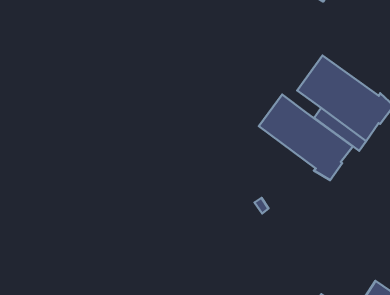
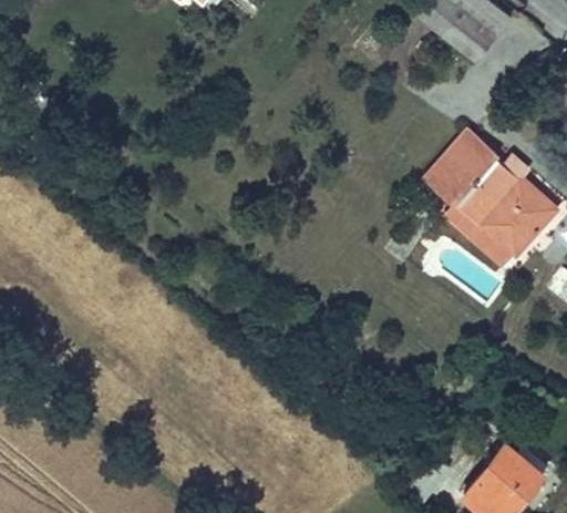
building: [259,95,353,180] -> none

